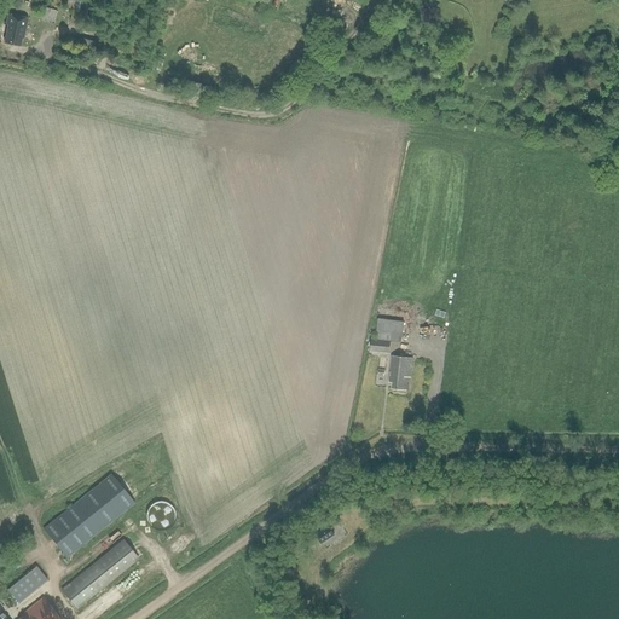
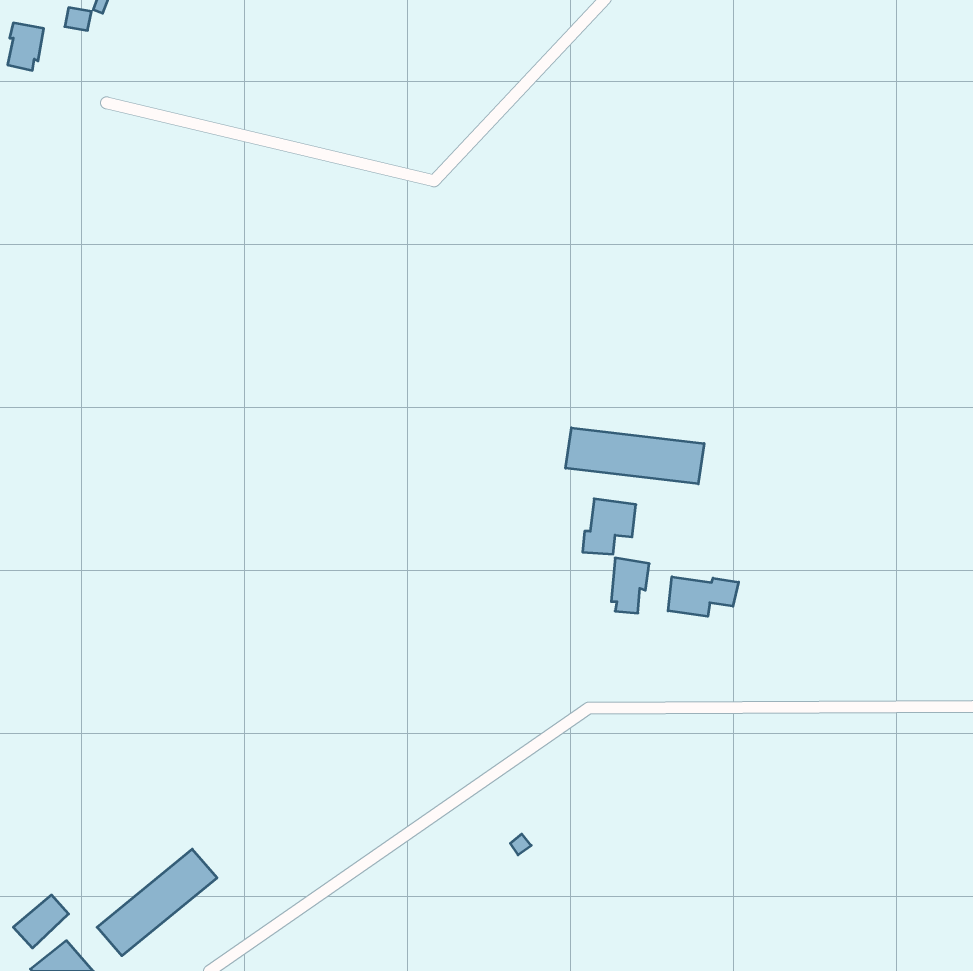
building: none -> [566,428,704,484]
building: none -> [668,577,739,616]
building: [46,474,134,555] -> none

